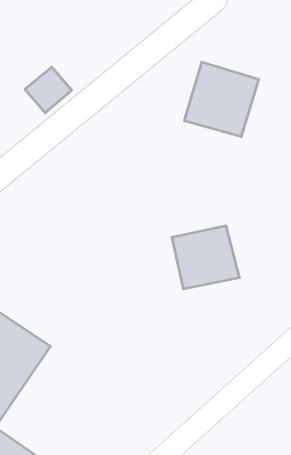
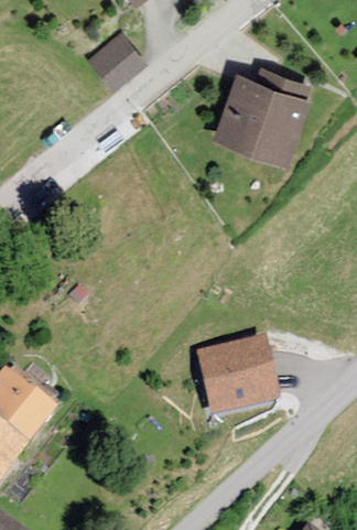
building: [25,67,72,113] -> [89,33,143,86]
building: [172,226,240,289] -> [198,339,277,412]

